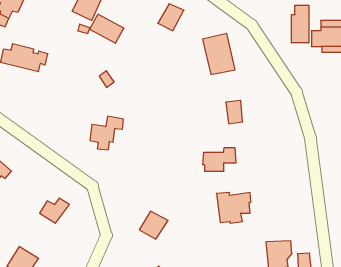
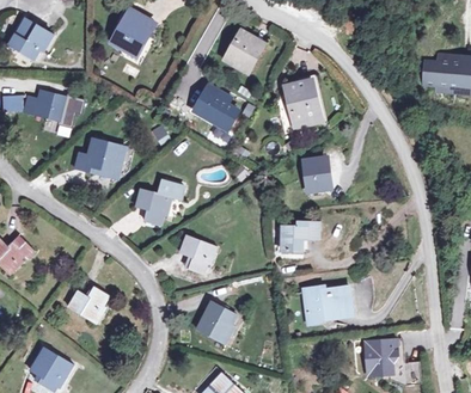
building: [292,5,309,43] -> none
building: [89,14,124,43] -> [195,87,239,124]
building: none -> [75,143,124,180]
building: none -> [181,235,212,272]

